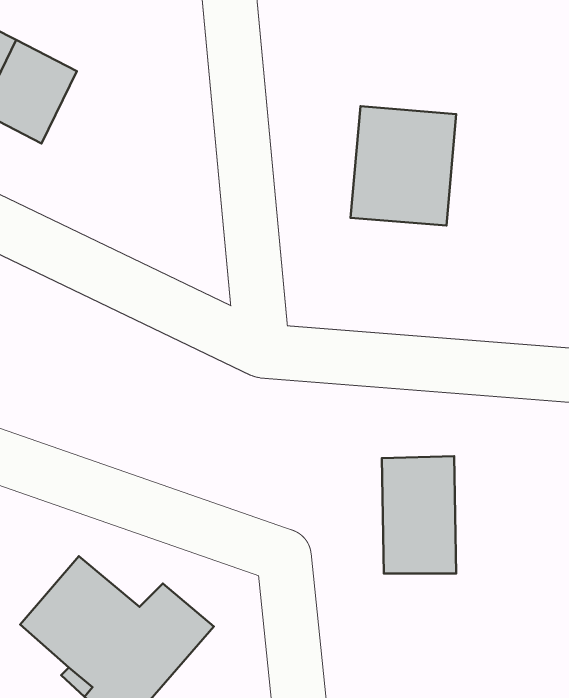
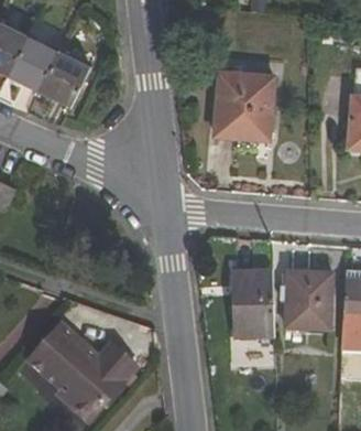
building: none -> [40,52,89,107]
building: none -> [285,270,331,327]

